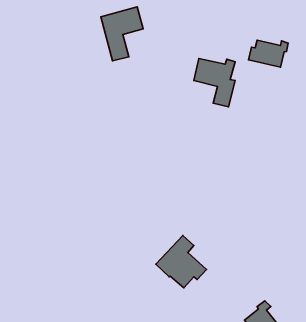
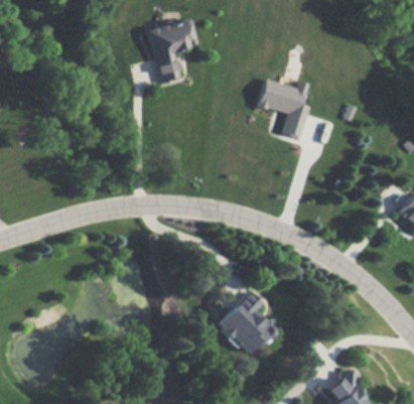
building: [248,40,288,67] -> none

